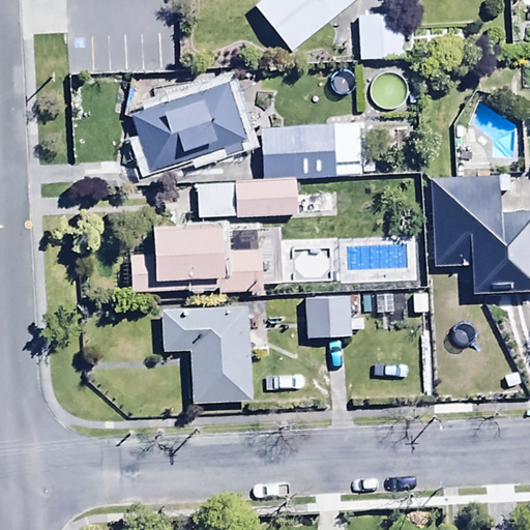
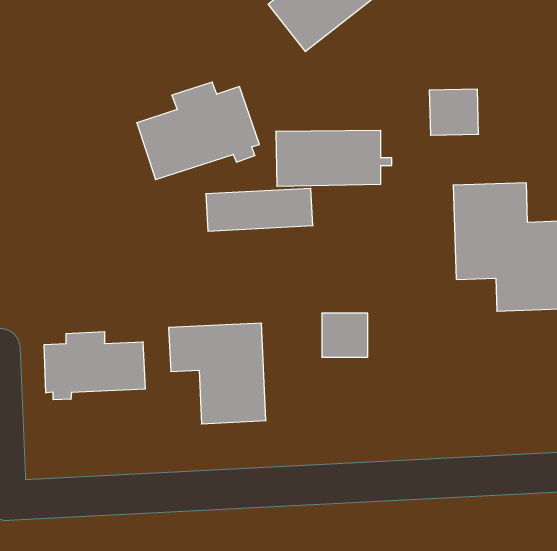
building: [359,13,406,57] -> [429,89,479,135]
building: [131,223,265,292] -> none
building: none -> [44,332,145,400]

